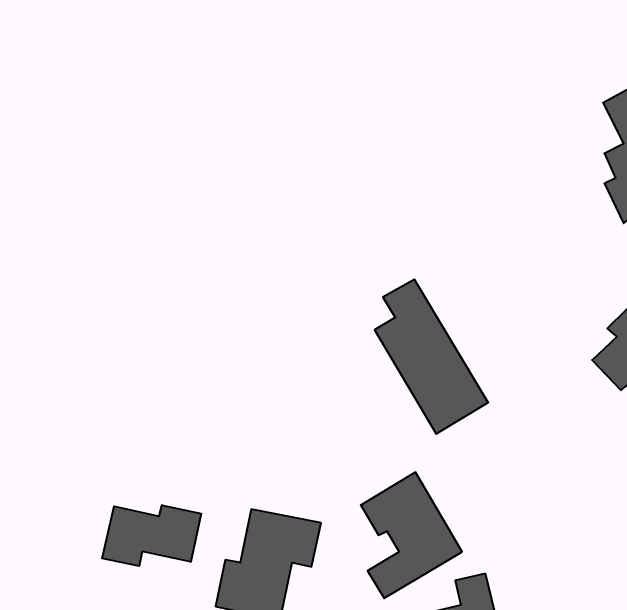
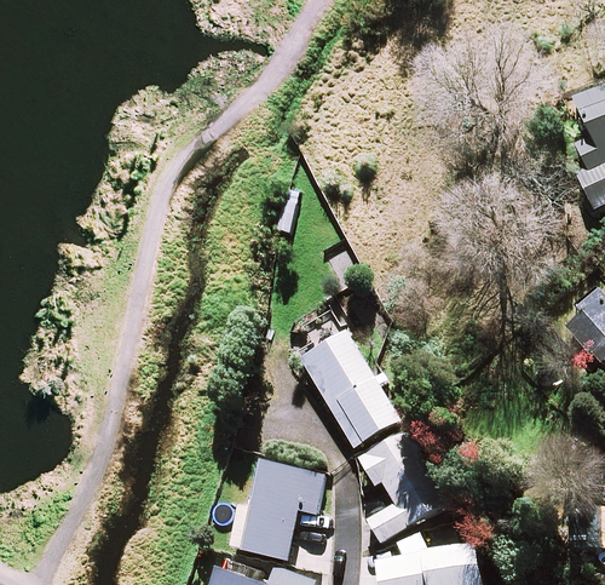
building: [375,279,488,434] -> [300,310,401,447]
building: [102,505,201,566] -> none

